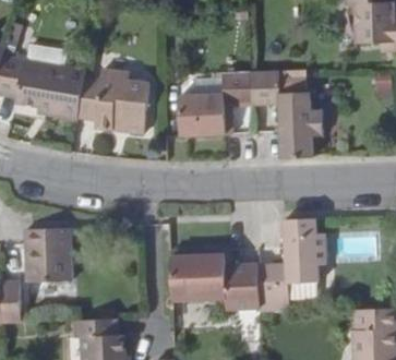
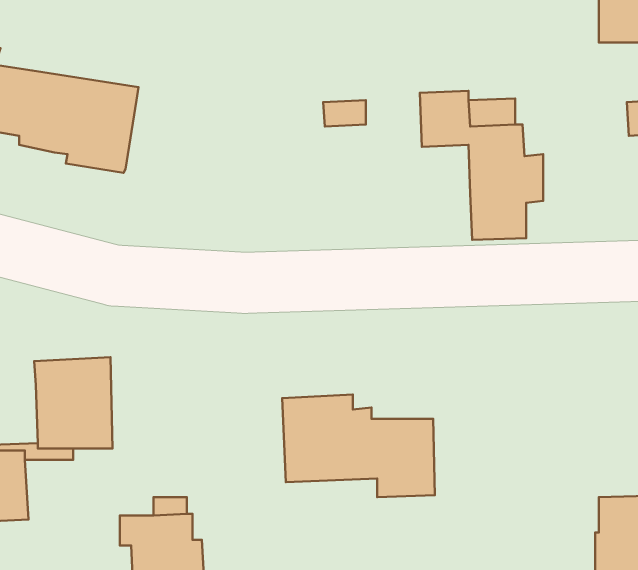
building: [77,70,149,134] -> none
building: [178,73,251,136] -> none
building: [257,219,326,314] -> none

